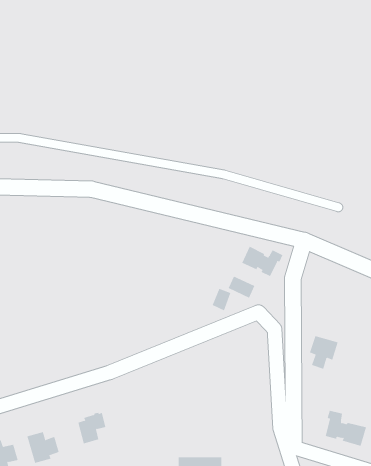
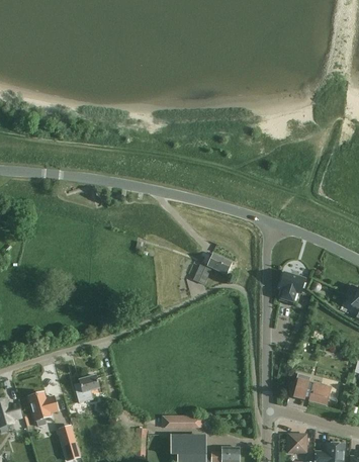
building: [241,246,283,277] -> none
building: [309,336,339,370] -> [278,272,304,302]

